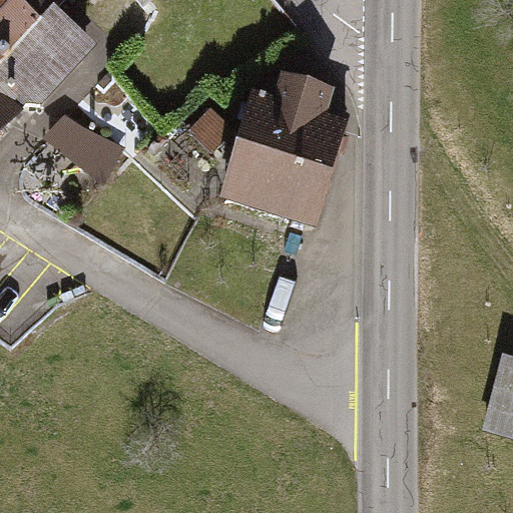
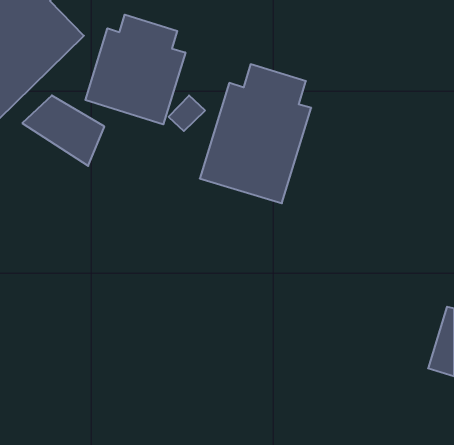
building: none -> [85,15,185,124]

